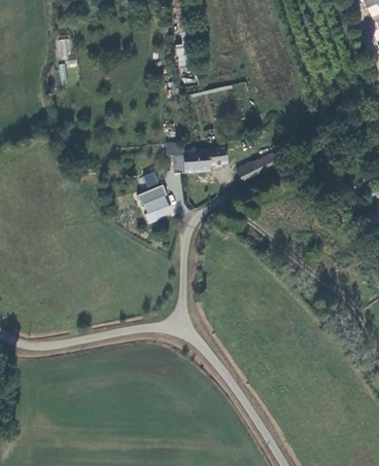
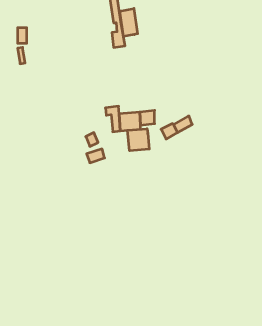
building: none -> [120,8,138,36]
building: none -> [127,129,149,151]

